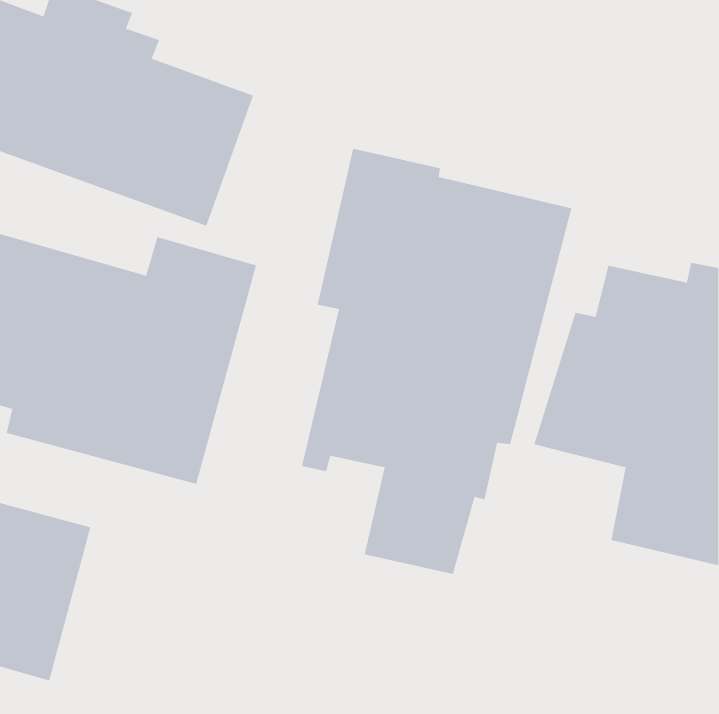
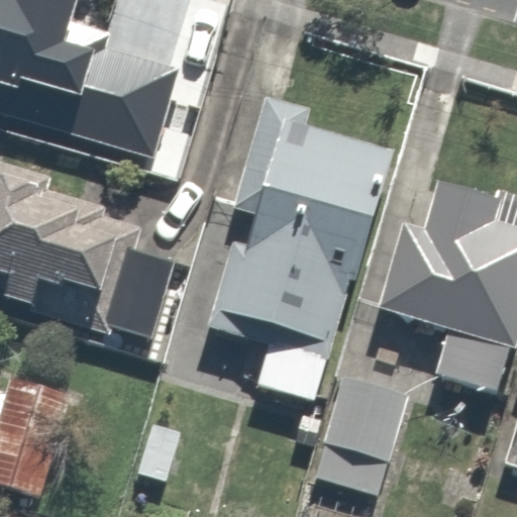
building: none -> [316,373,412,491]

